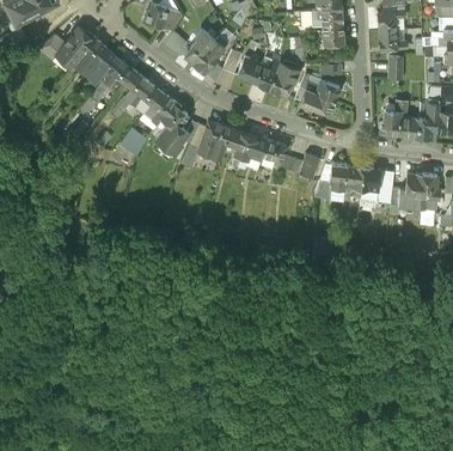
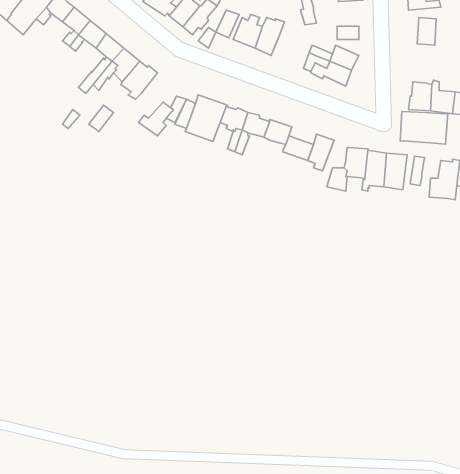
building: [268,61,298,95] -> none
building: [159,103,188,140] -> none
building: none -> [400,112,448,144]

